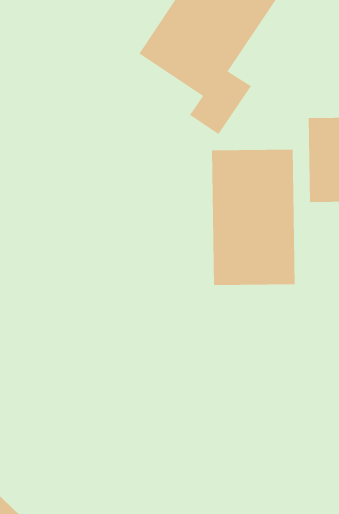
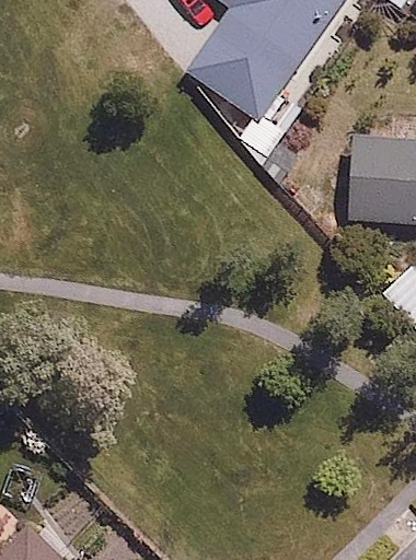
building: [212,149,295,286] -> none

